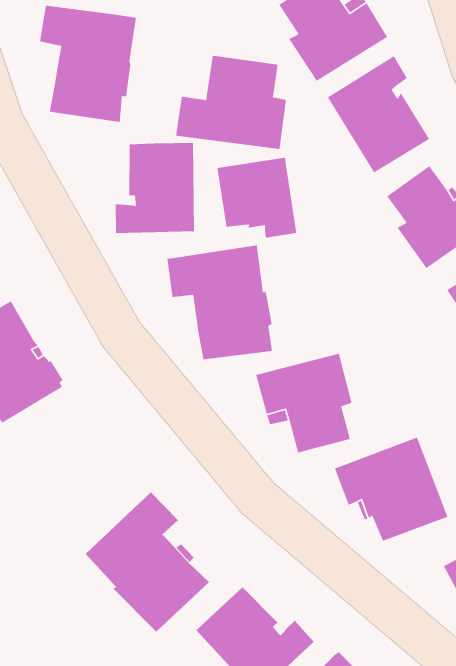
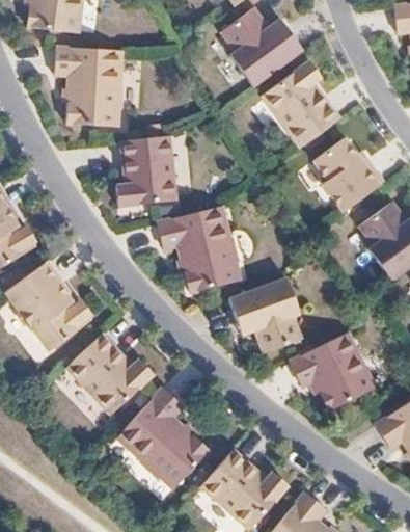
building: [175,55,287,150] -> none
building: [216,157,297,238] -> none
building: none -> [67,334,154,414]

